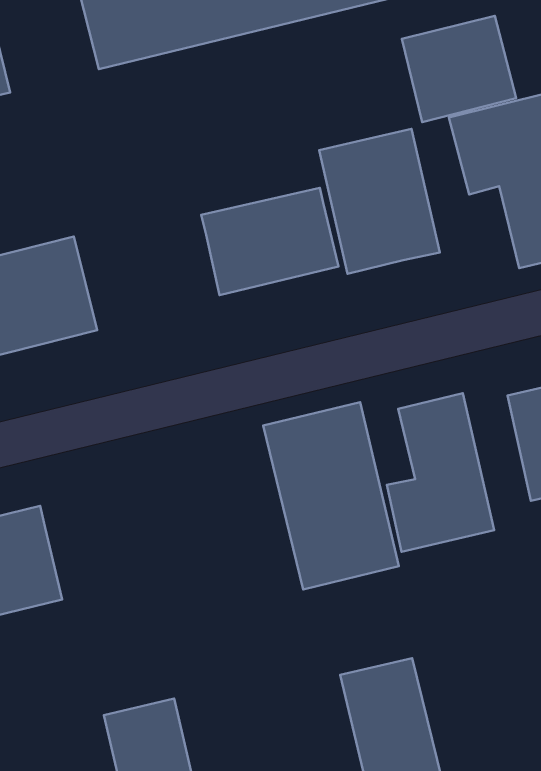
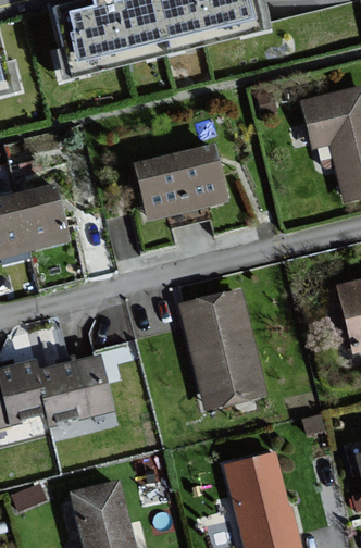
building: [402,16,516,122] -> none
building: [319,129,440,274] -> none
building: [387,393,494,552] -> none
building: none -> [36,353,113,424]

